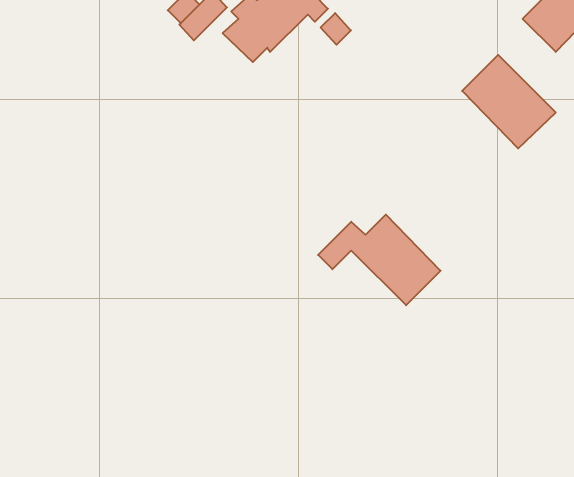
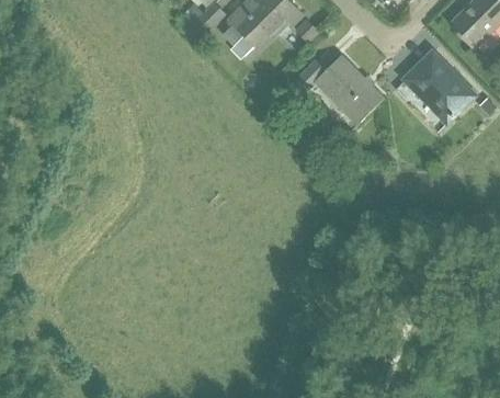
building: [318,215,441,305] -> [289,55,383,124]

